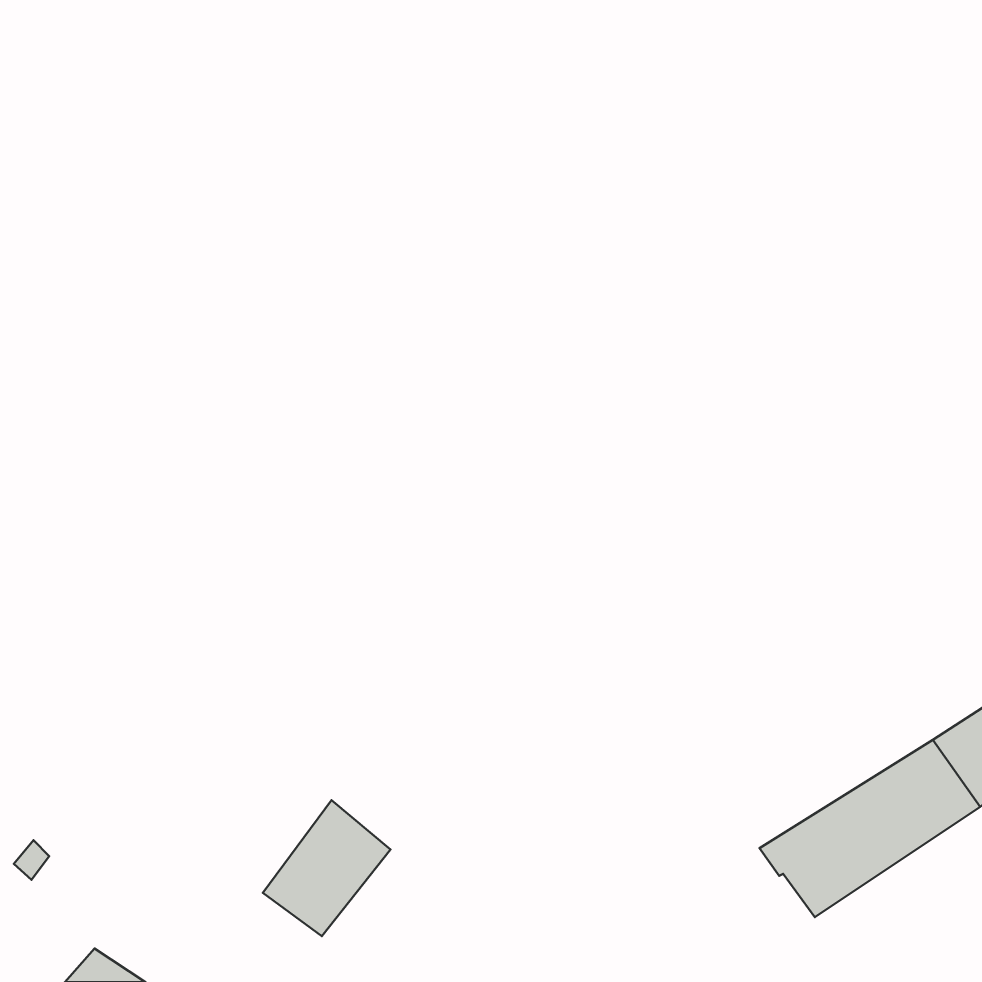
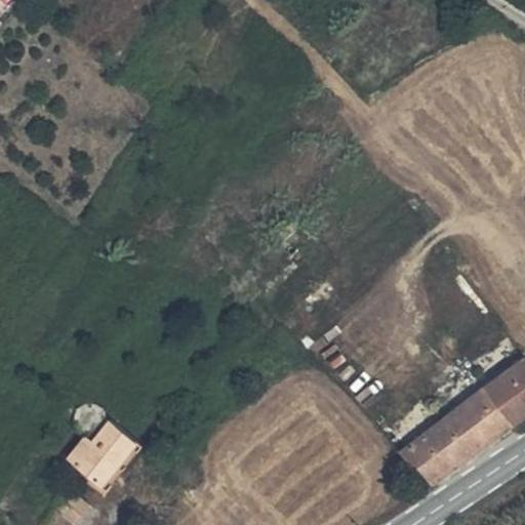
building: [263,800,391,936] -> [65,416,131,487]

